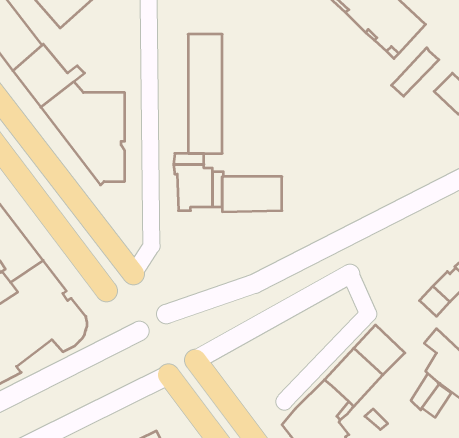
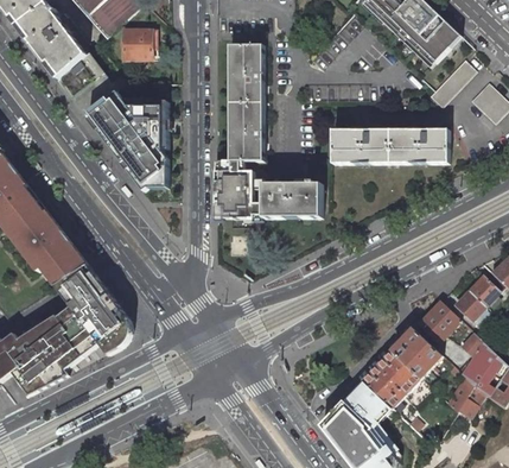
building: none -> [122,29,155,58]
building: none -> [331,129,447,163]
building: none -> [418,301,458,341]

